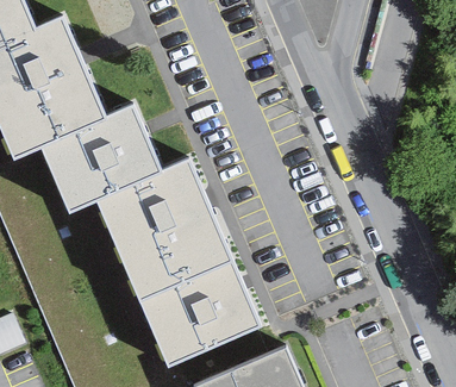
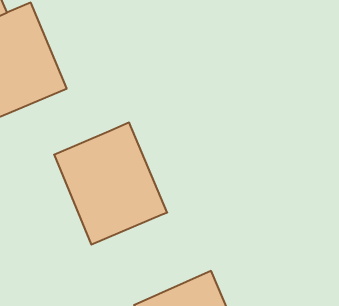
building: [40,110,162,213] -> none
building: [140,274,251,366] -> none

